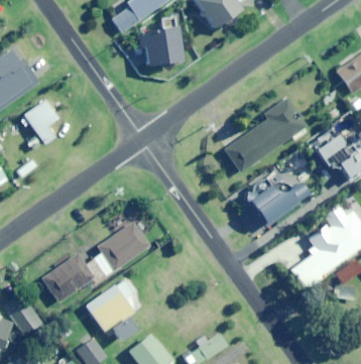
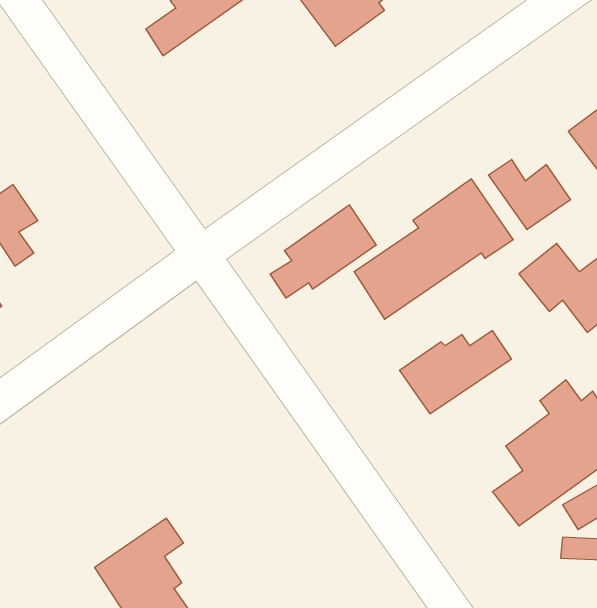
building: [140,25,183,65] -> none
building: none -> [489,159,571,230]
building: none -> [270,205,376,298]
building: [42,218,155,302] -> none

